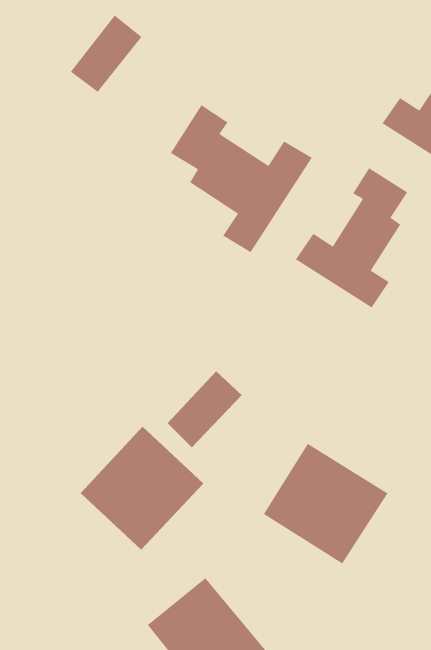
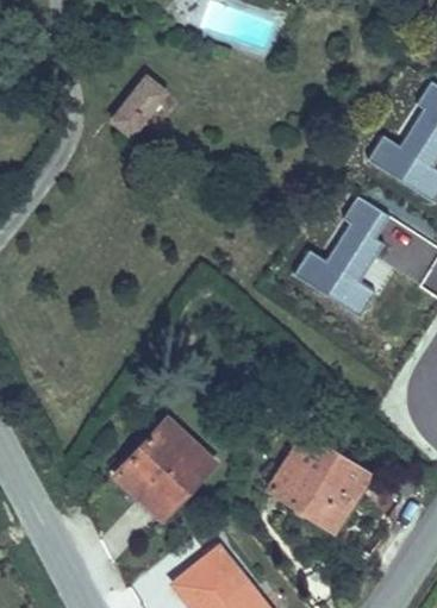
building: [170,104,313,253] -> none
building: [167,371,242,448] -> none

